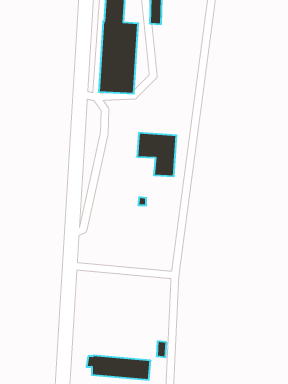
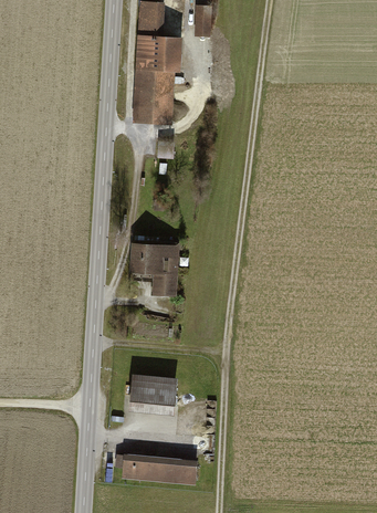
building: [137,133,177,176] -> [129,241,179,295]
building: none -> [127,373,176,413]

